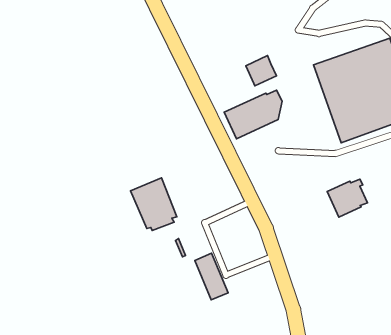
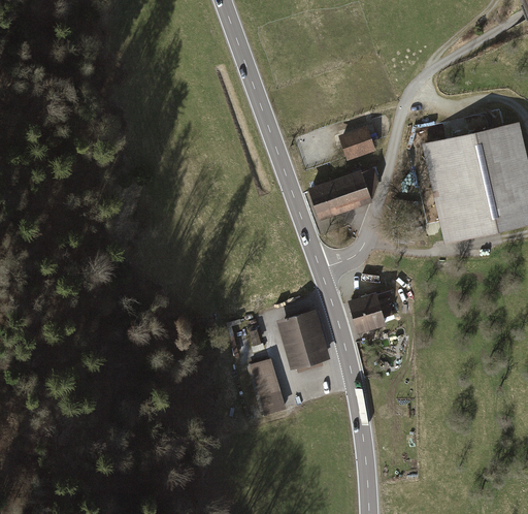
building: [131,178,177,231] -> [276,310,329,373]
building: [327,179,368,217] -> [348,291,395,334]

